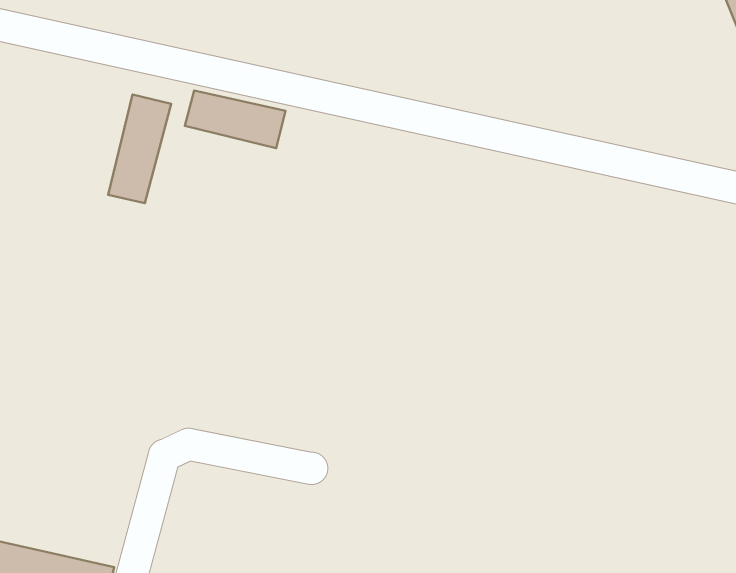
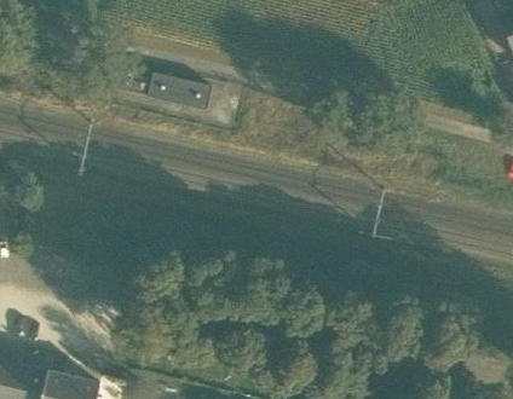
building: [108,95,171,203] -> none

